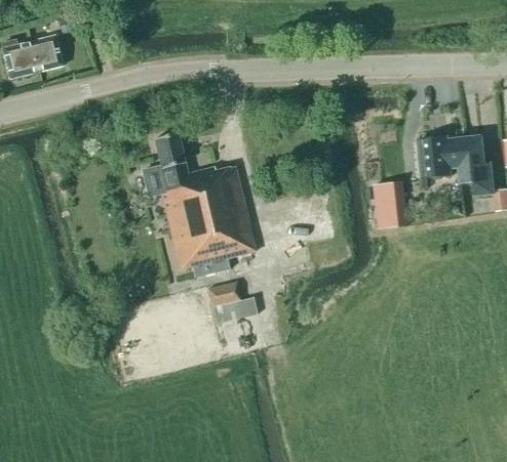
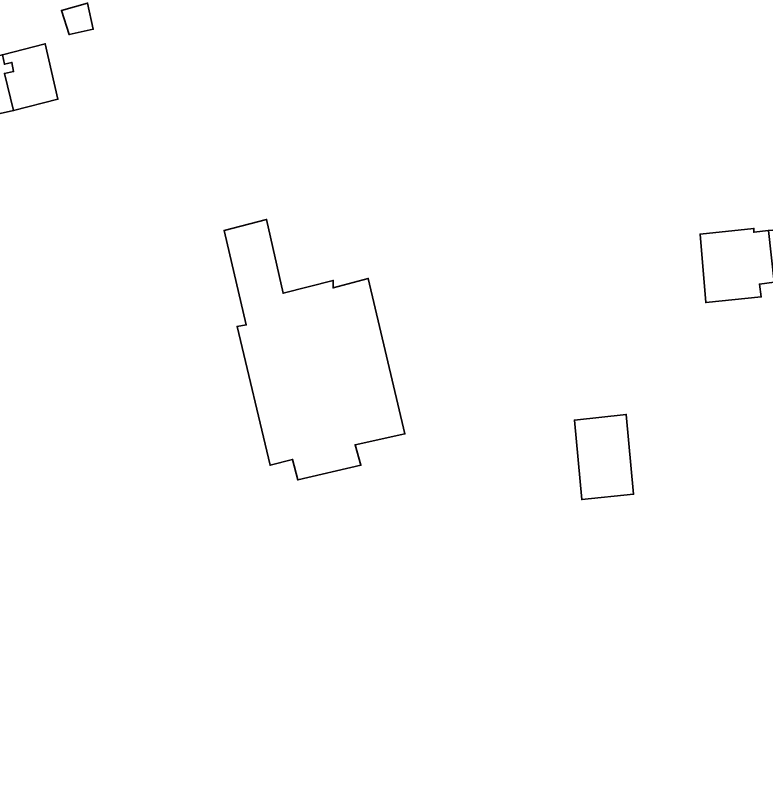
building: [374,181,406,228] -> [574,415,633,500]
building: [207,280,258,322] -> none

